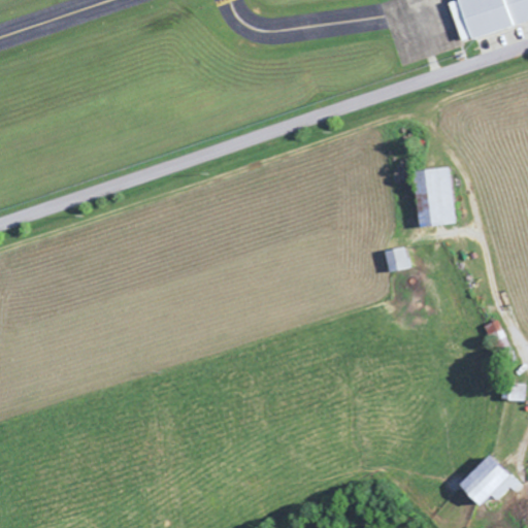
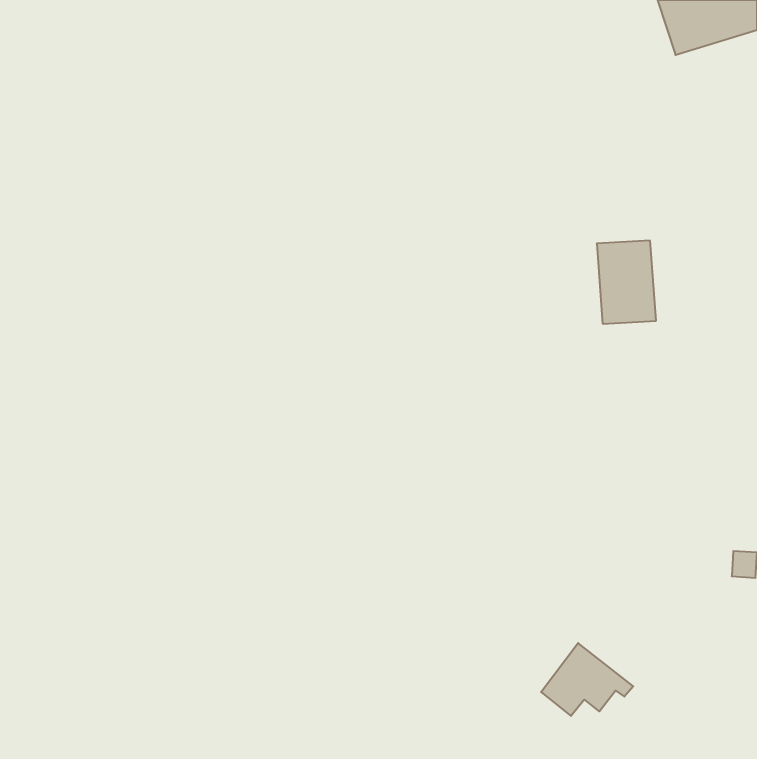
building: [386,248,409,271] -> none
building: [458,454,522,504] -> [541,643,633,716]

